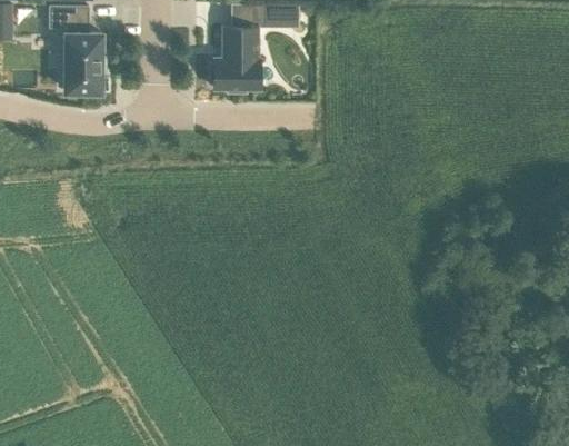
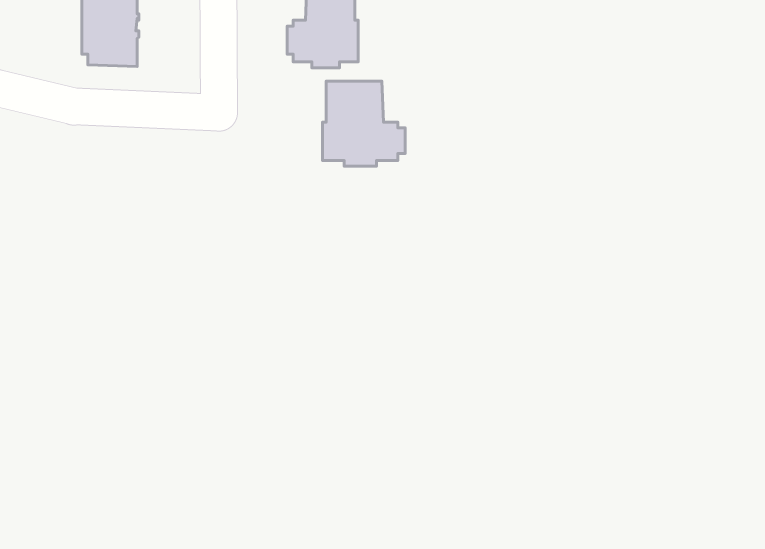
building: none -> [323,81,405,166]

